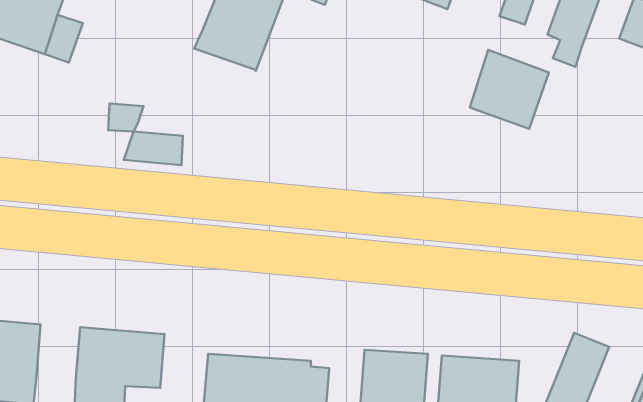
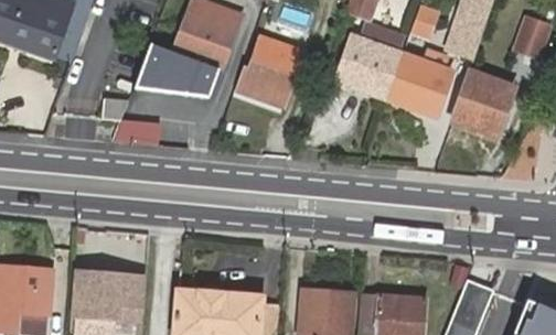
building: none -> [138,32,217,100]
building: none -> [237,36,301,100]
building: none -> [334,36,400,100]
building: none -> [450,72,514,139]

